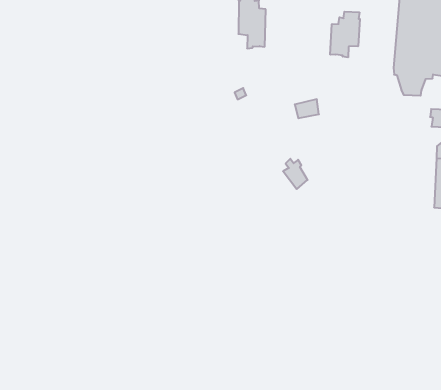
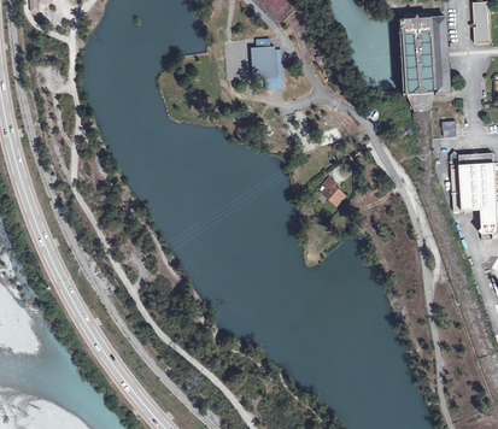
building: [330,12,360,57] -> none

